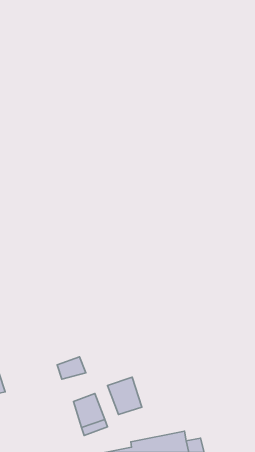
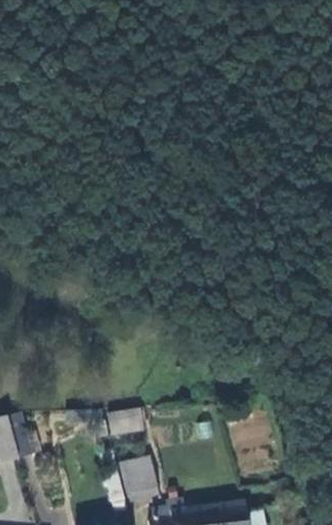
building: [108,377,142,414] -> none

